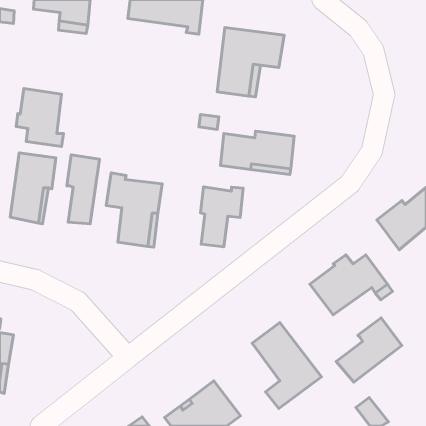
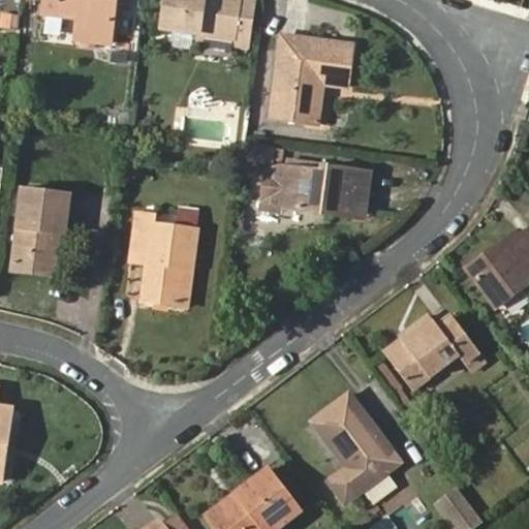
building: [16,88,63,147] -> none
building: [67,155,99,224] -> none
building: [201,187,243,247] -> none
building: [336,318,402,382] -> none

